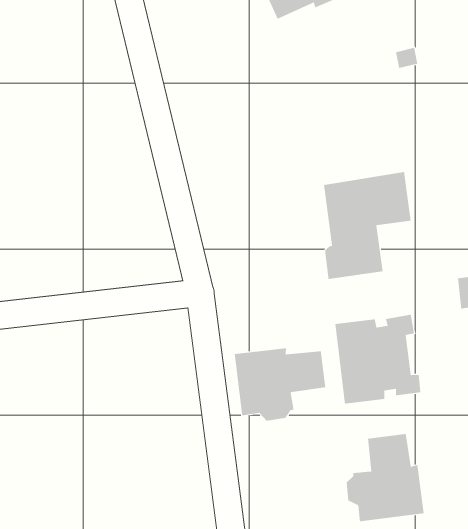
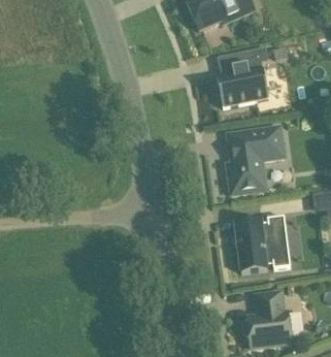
building: none -> [217,45,269,106]
building: [234,347,326,421] -> none

